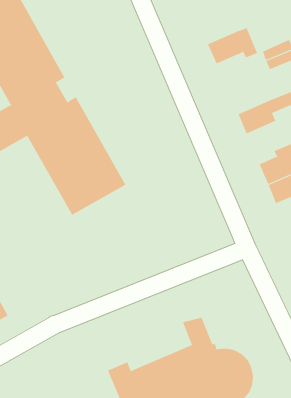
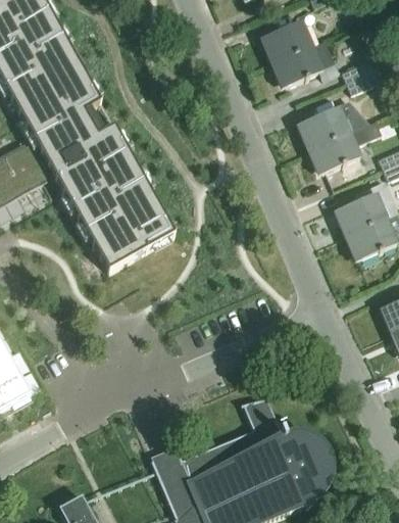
building: none -> [263,21,311,62]
building: none -> [300,108,348,148]

